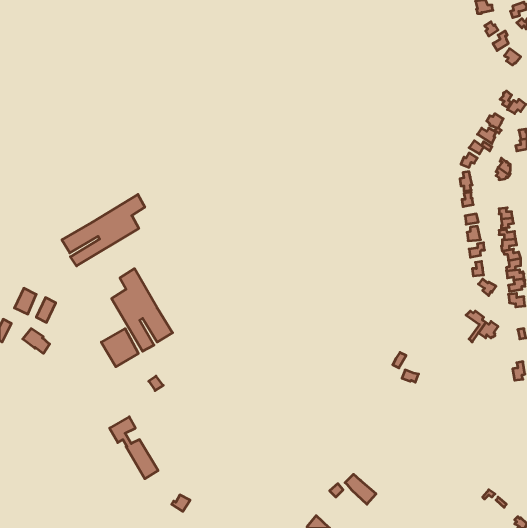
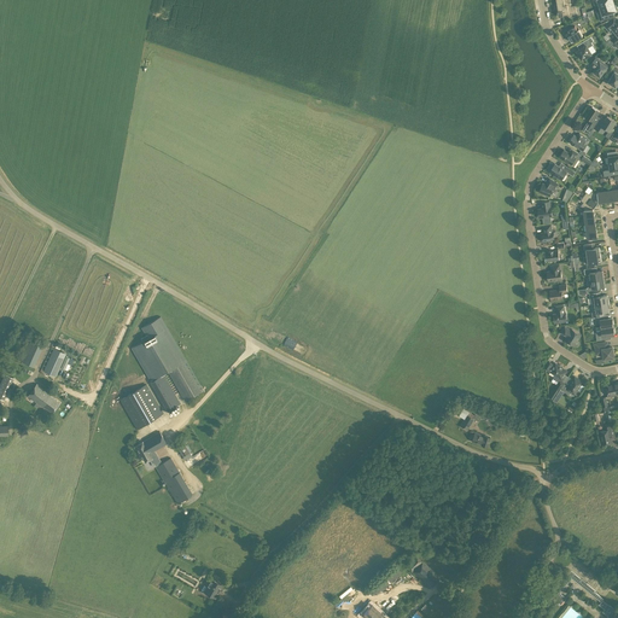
building: [62,194,145,266] -> none
building: [110,417,158,479] -> [135,431,192,503]

